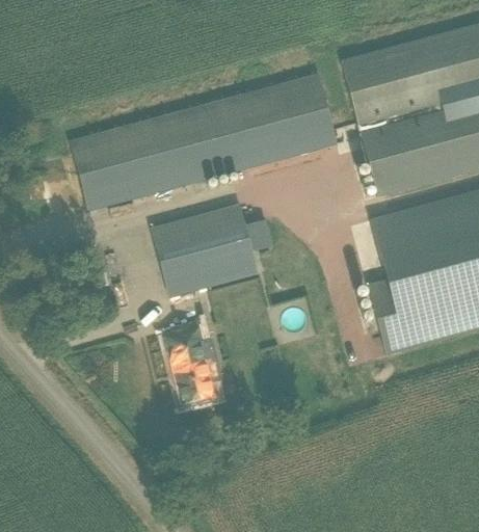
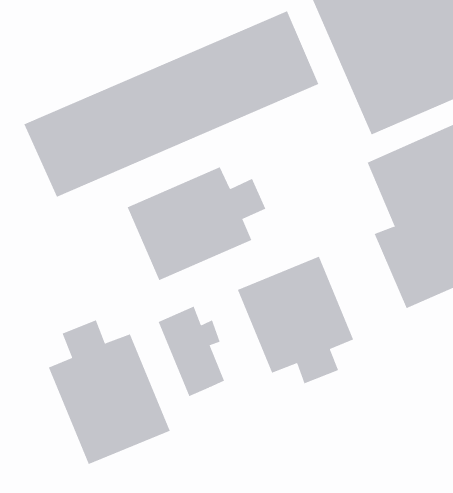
building: none -> [237,256,354,384]
building: none -> [48,319,170,465]

